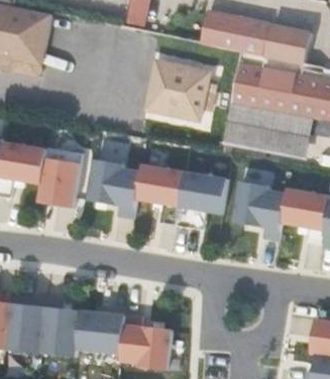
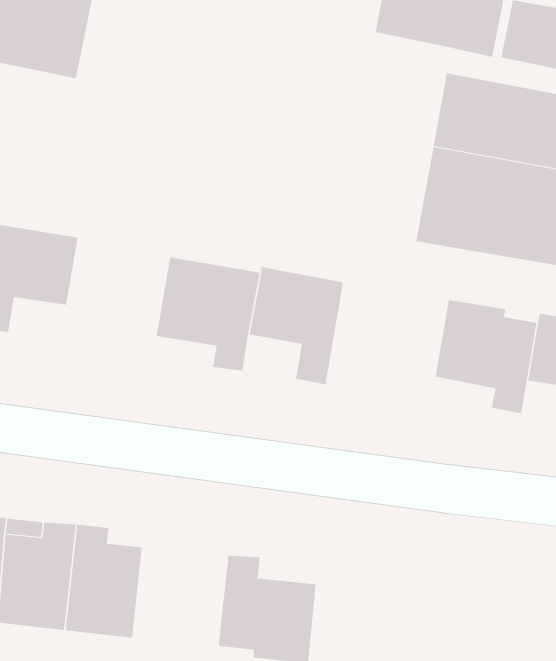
building: [144,55,208,115] -> none
building: [37,147,82,208] -> none
building: [176,171,227,228] -> none
building: [76,309,124,361] -> none

